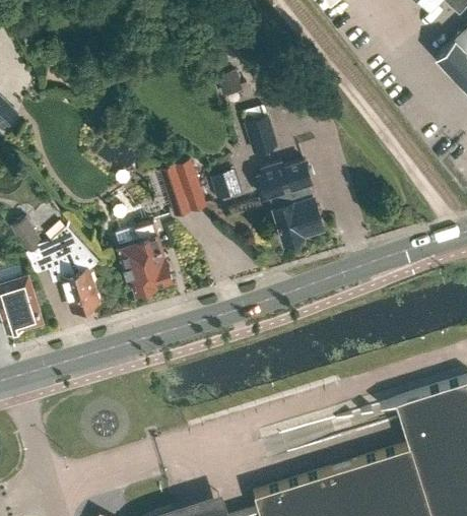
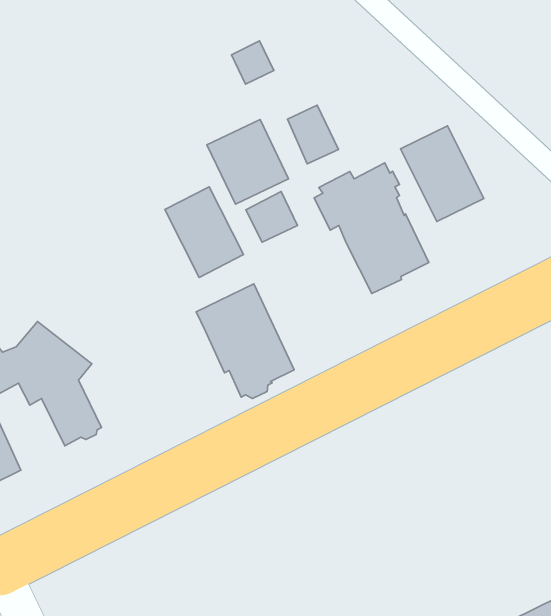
building: none -> [207,120,289,204]
building: none -> [401,126,484,221]
building: [115,223,172,297] -> [196,284,294,399]

